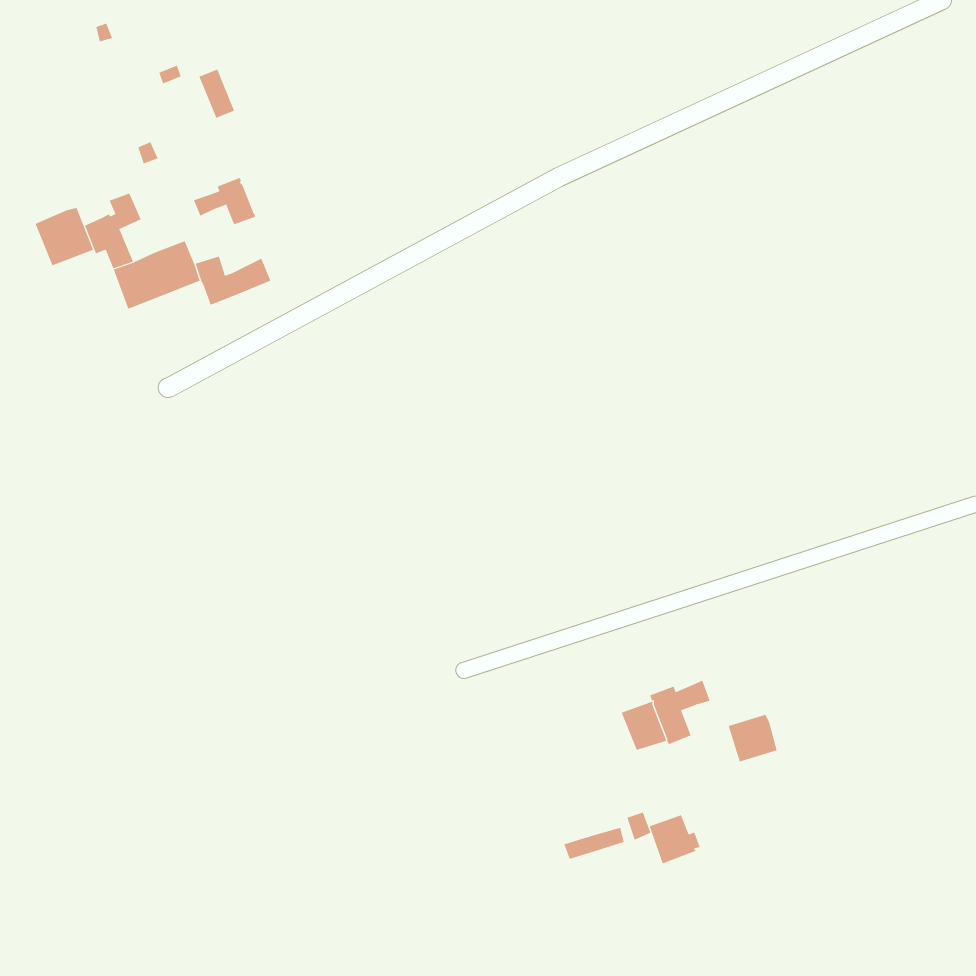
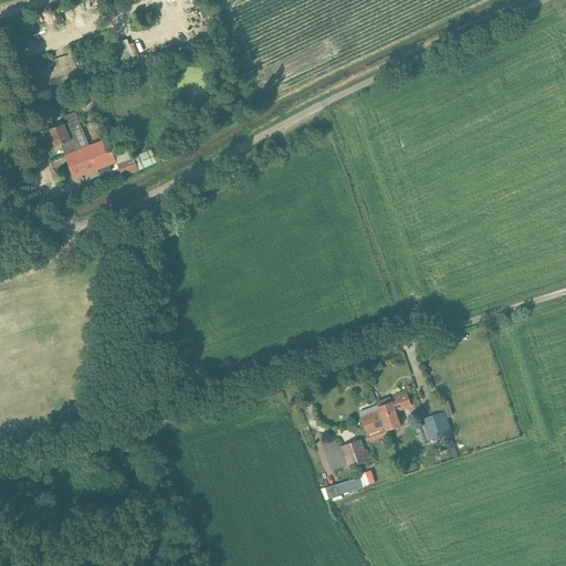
building: [193,177,256,225] -> none
building: [35,207,94,266] -> none
building: [649,815,701,864] -> [342,440,371,469]

